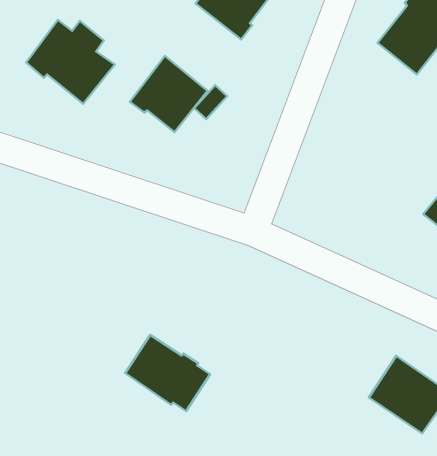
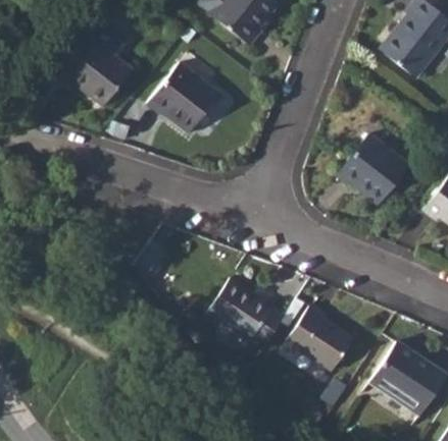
building: none -> [338,133,410,205]
building: none -> [287,304,354,371]
building: [125,335,210,411] -> [207,277,287,348]

